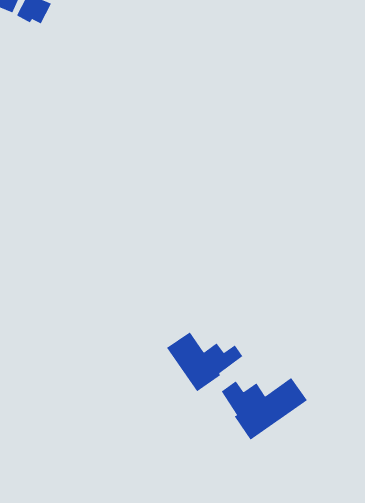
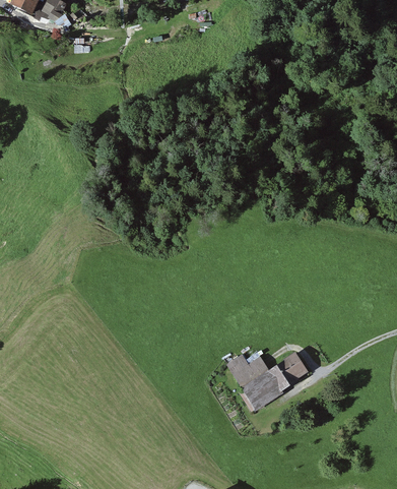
building: [166,331,243,392] -> none

